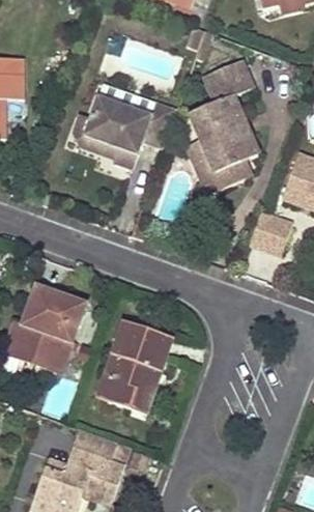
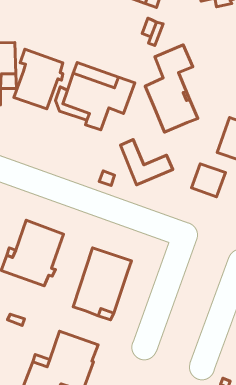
building: none -> [14,49,63,109]
building: [184,140,252,198] -> [120,140,173,185]

